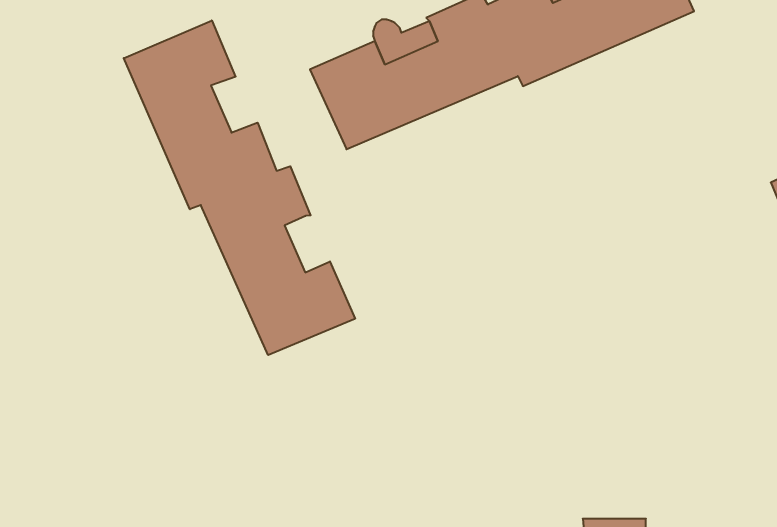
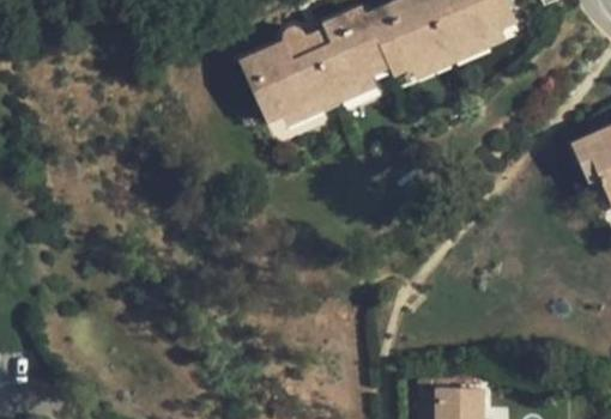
building: [124,20,355,355] -> none

